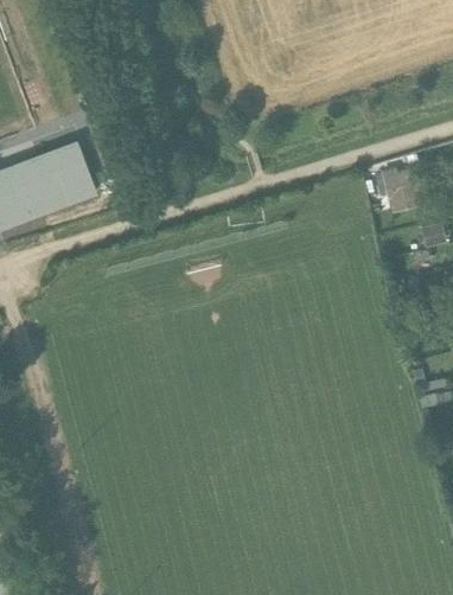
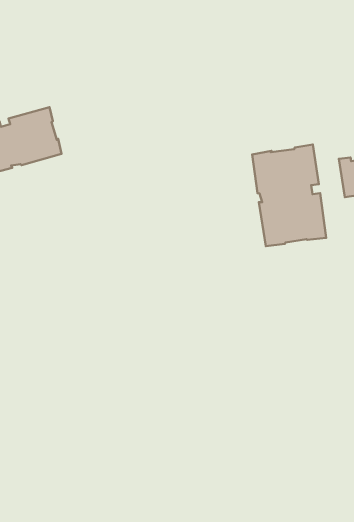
building: none -> [252,144,326,246]

